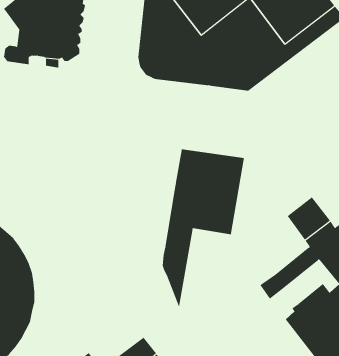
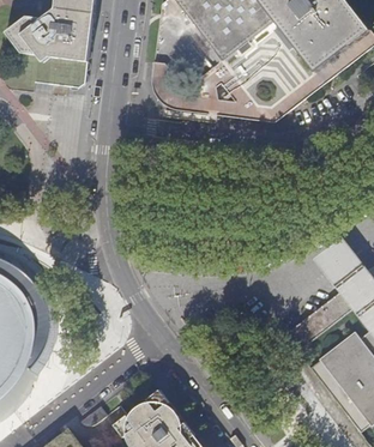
building: [162,149,244,309] -> none

